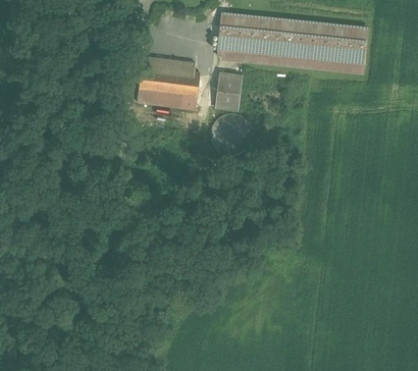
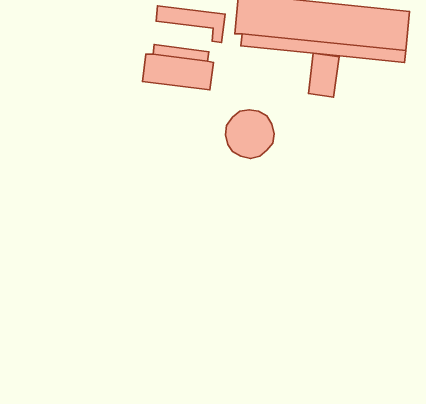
building: [215,71,242,109] -> [308,53,339,97]
building: [137,88,196,119] -> [156,6,225,43]

